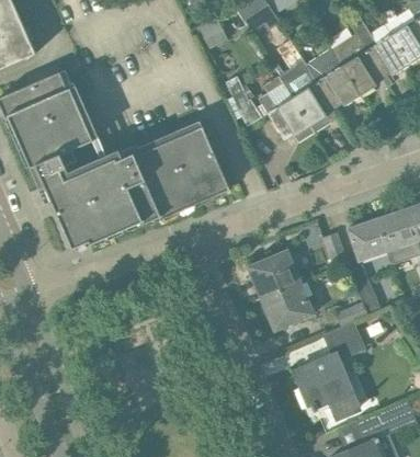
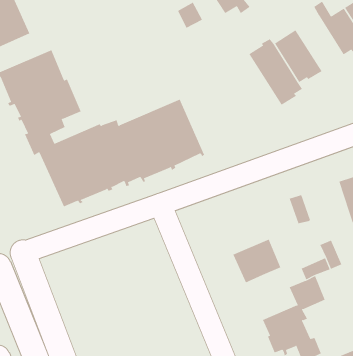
building: [331,33,384,94] -> none
building: [227,76,315,142] -> none
building: [348,217,389,261] -> none
building: [248,249,302,298] -> none

